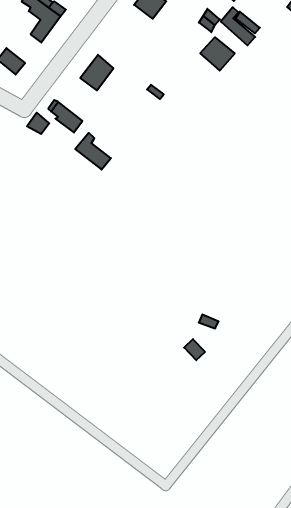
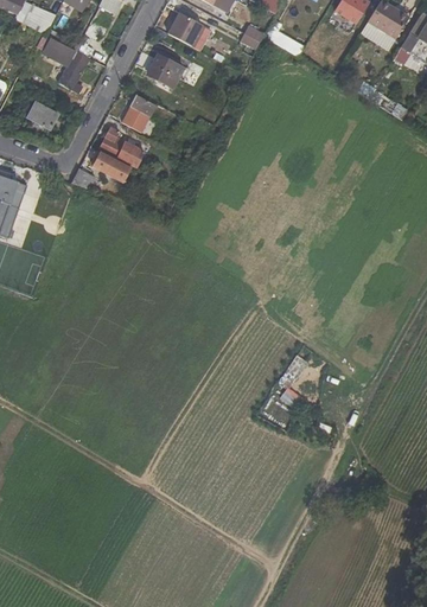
building: none -> [146,53,183,87]
building: [200,37,235,71] -> none
building: [75,133,111,170] -> [98,126,139,164]

